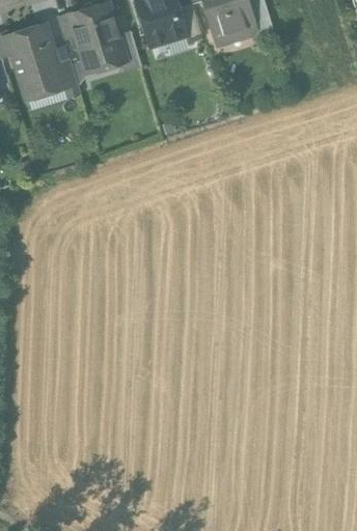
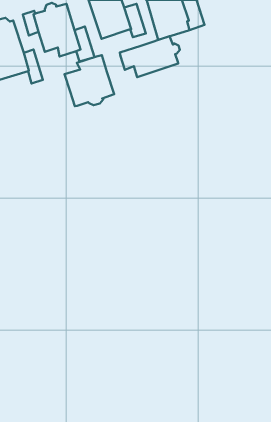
building: none -> [120,36,180,77]
building: none -> [65,55,114,106]

